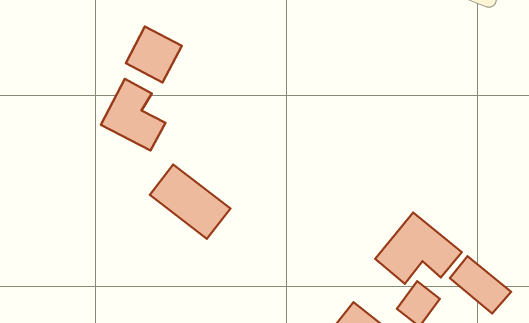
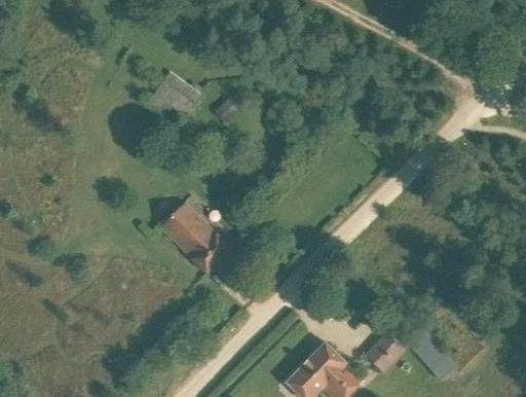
building: [101,79,166,151] -> none
building: [375,212,462,284] -> none

